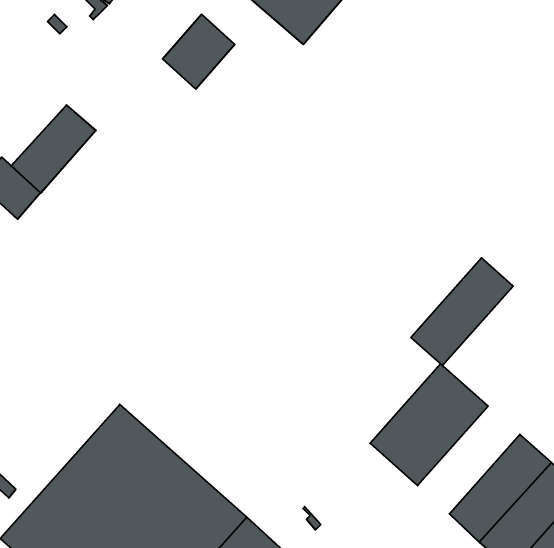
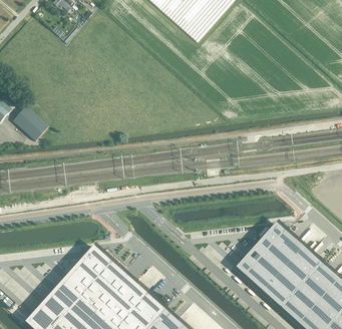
building: [163,14,235,89] -> none
building: [11,105,96,193] -> none
building: [411,258,513,366] -> [264,247,322,308]

